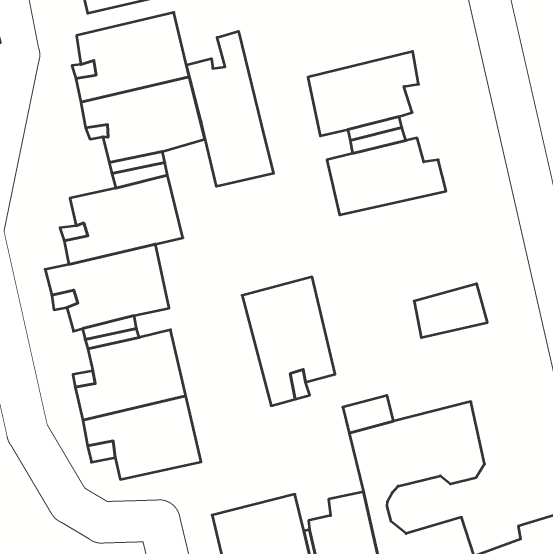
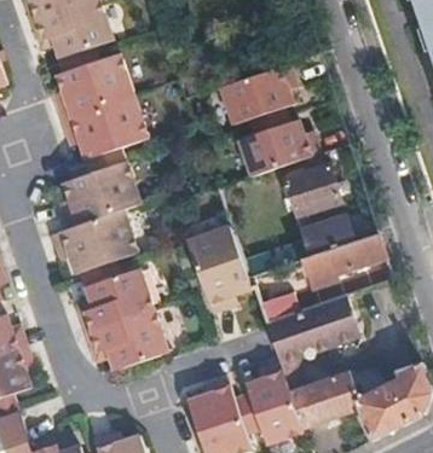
building: [186,31,274,186] -> none
building: none -> [282,163,339,216]
building: none -> [304,232,387,294]

